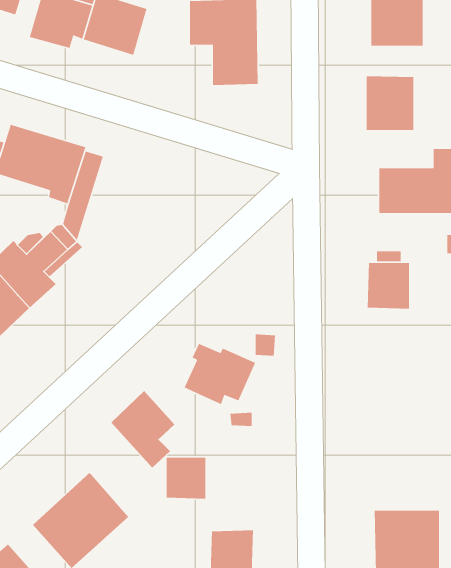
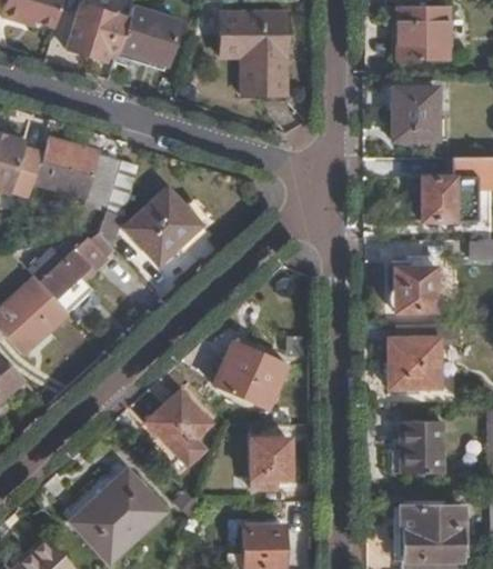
building: none -> [125,186,201,262]
building: none -> [389,322,455,387]
building: none -> [400,422,442,472]
building: [166,457,206,499] -> [250,439,289,480]

